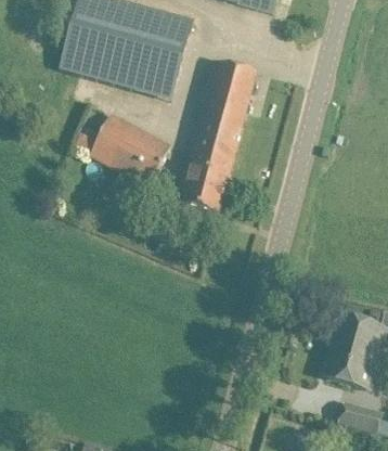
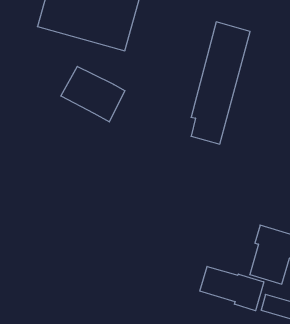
building: [182,61,256,214] -> [191,22,250,144]
building: none -> [200,266,264,311]

